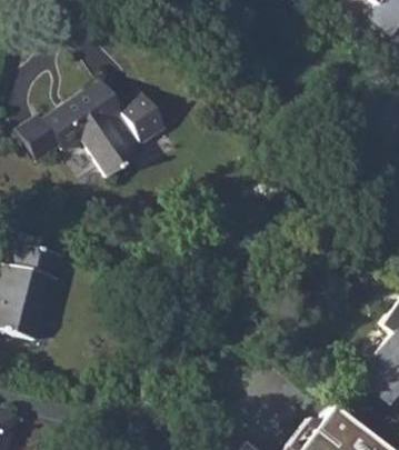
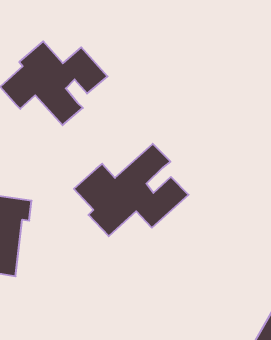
building: none -> [74,144,189,236]

